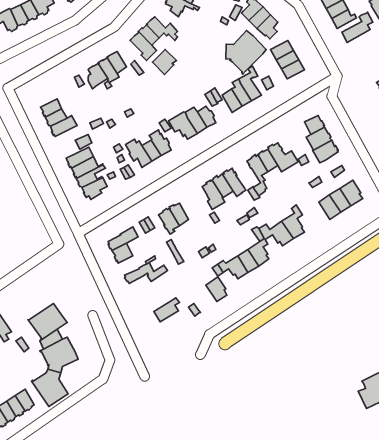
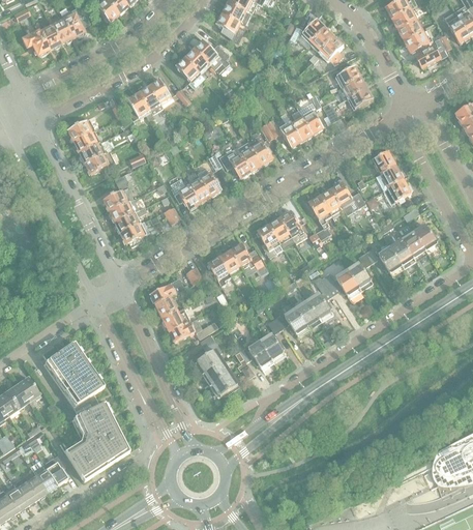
building: [226,30,266,74] -> none
building: [152,49,176,74] -> none
building: none -> [67,117,94,141]
building: none -> [231,242,267,274]
building: none -> [363,247,402,275]
building: none -> [161,306,190,331]
building: none -> [195,333,221,373]
building: none -> [41,340,88,382]
building: none -> [237,343,273,369]
building: none -> [209,372,239,396]
building: none -> [94,426,128,466]

